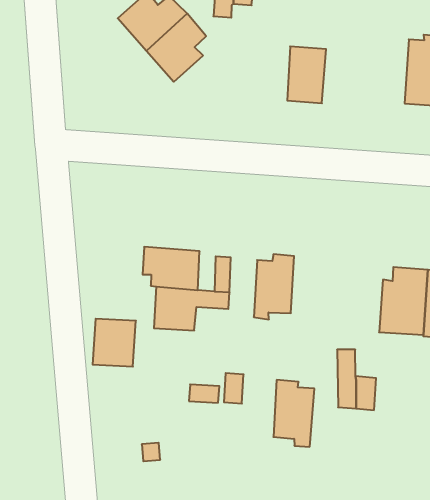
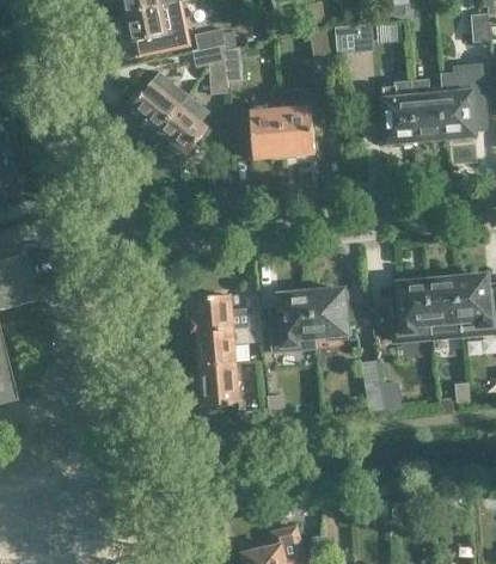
building: none -> [251,109,286,158]
building: [93,319,136,367] -> [202,363,240,406]
building: [273,380,314,447] -> [312,286,349,341]

